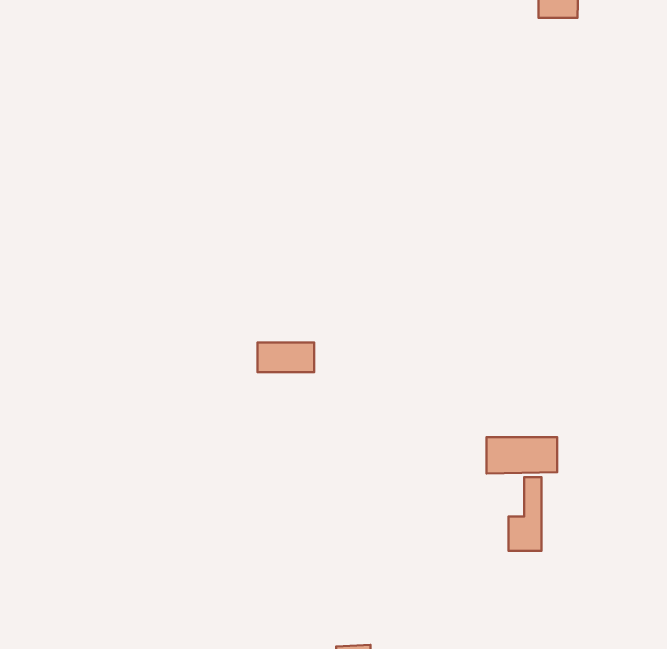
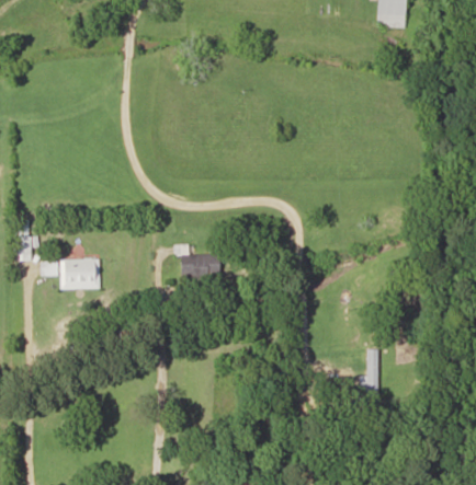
building: none -> [61,259,100,288]
building: [487,437,557,474] -> none

